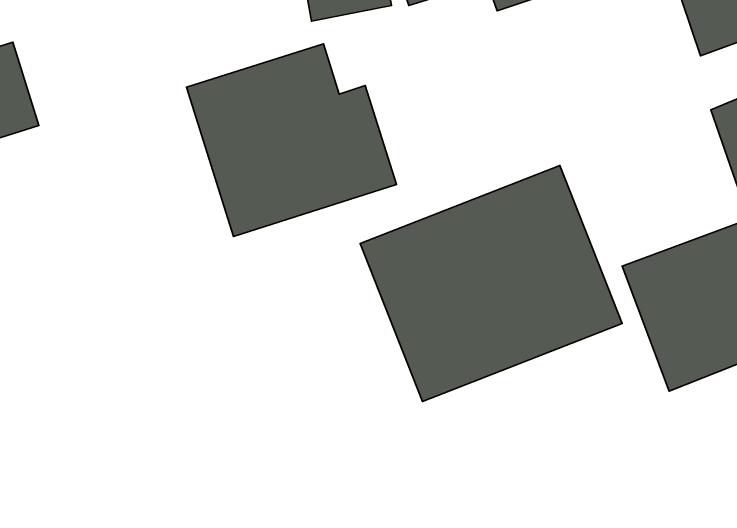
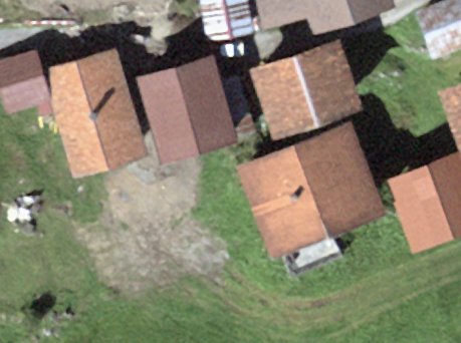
building: none -> [250,39,365,140]
building: none -> [41,49,148,177]

